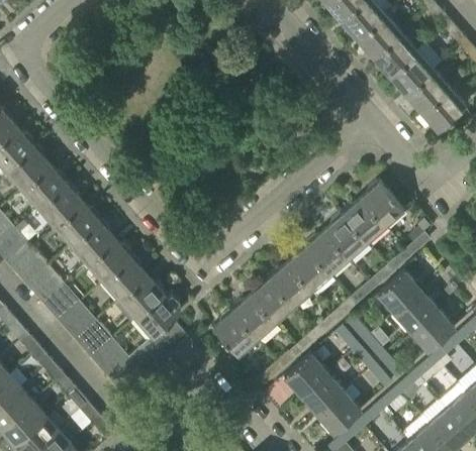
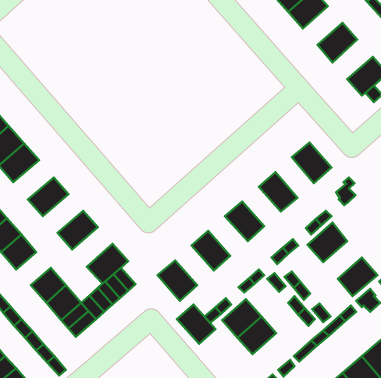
building: [373,32,416,75] -> none
building: [405,69,450,112] -> none
building: [343,198,385,242] -> none
building: [55,201,99,244] -> none
building: [306,230,349,273] -> none
building: [87,238,131,280] -> none
building: [269,262,312,306] -> none
building: [119,274,164,318] -> none
building: [395,290,438,331] -> none
building: [232,295,275,338] -> [177,304,216,344]
building: [58,302,96,338] -> none
building: [317,390,361,433] -> none

